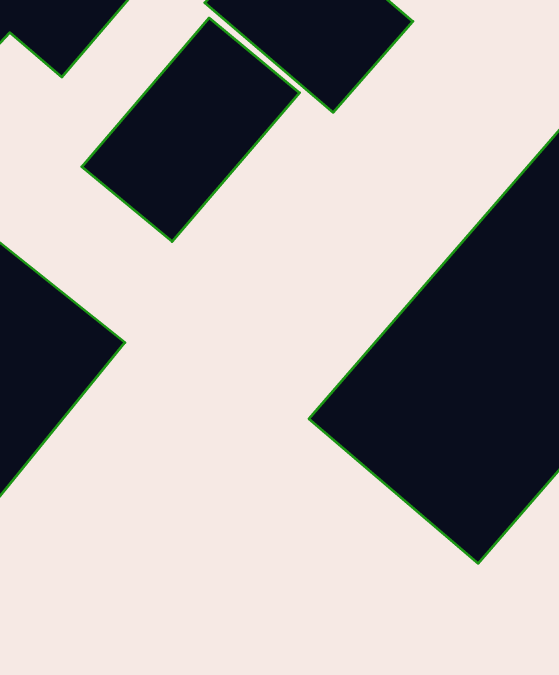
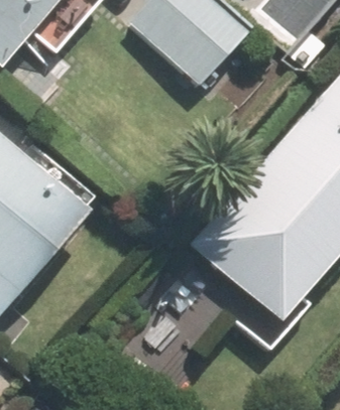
building: [82,18,300,242] -> none

